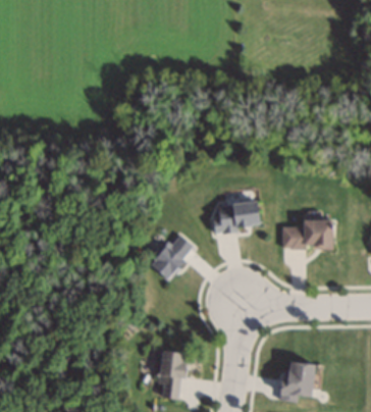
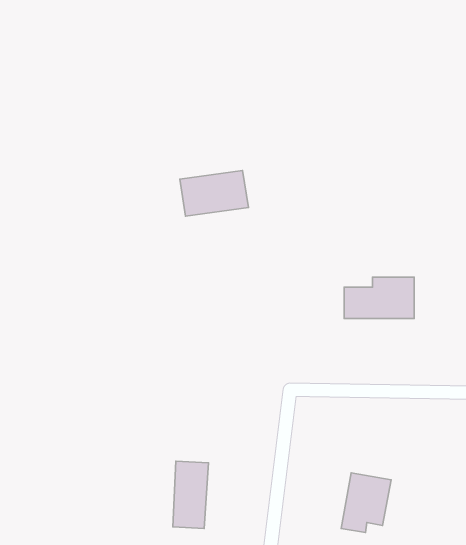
building: [212,199,261,231] -> [180,171,248,216]
building: [151,233,195,279] -> none

